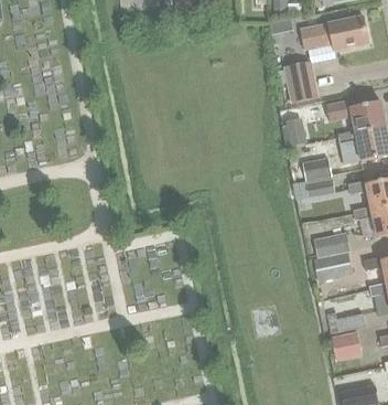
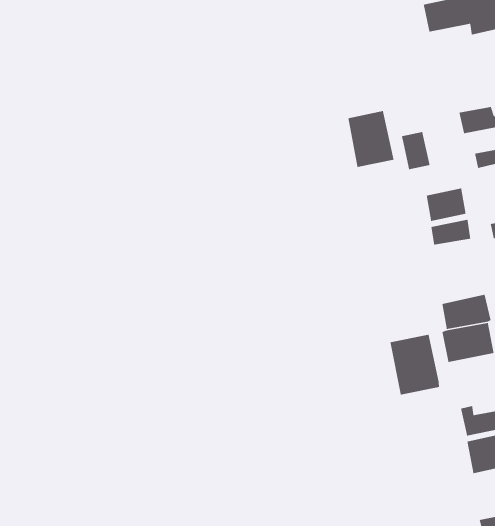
building: [283,60,316,100] -> [347,110,394,168]
building: none -> [389,334,440,396]

